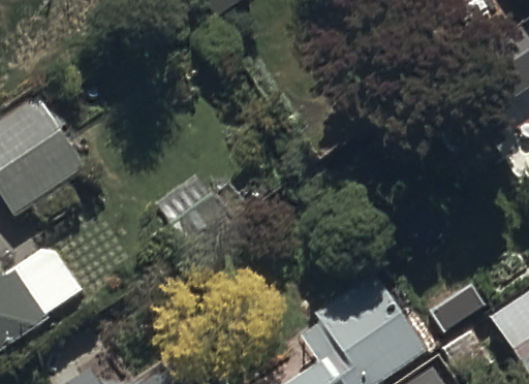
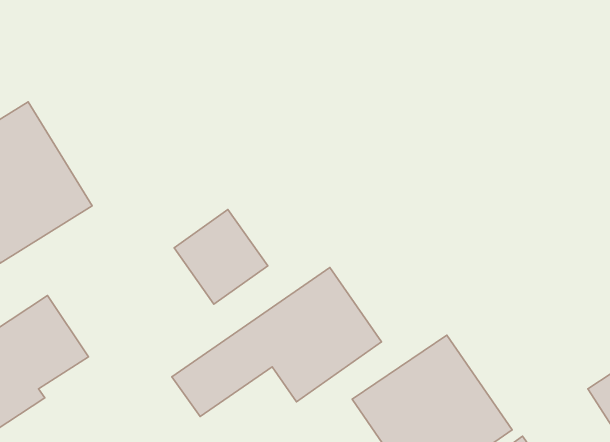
building: none -> [172,268,382,417]

